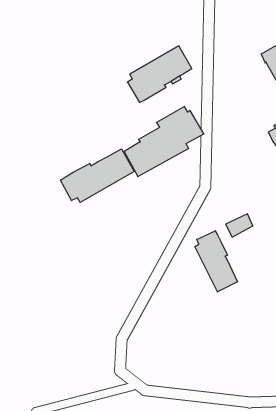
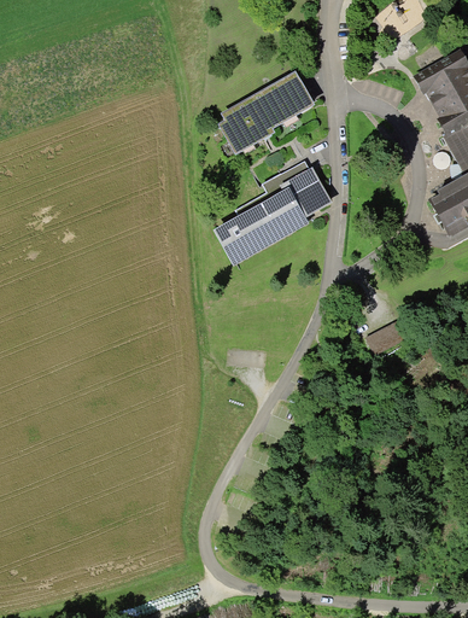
building: [60,149,134,202] -> none
building: [195,231,237,292] -> none

